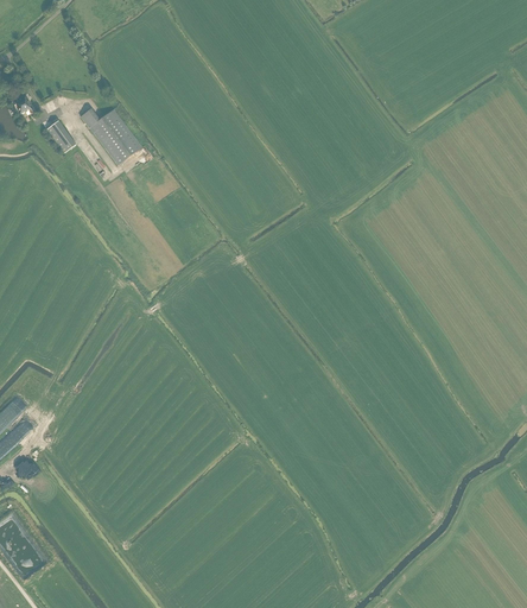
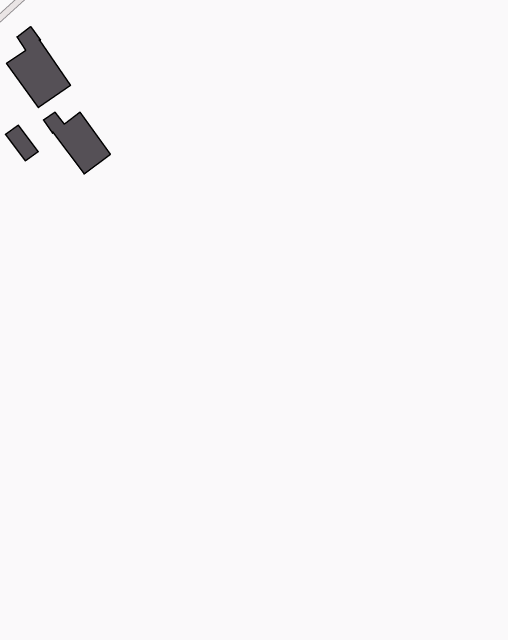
building: none -> [7,27,70,108]

